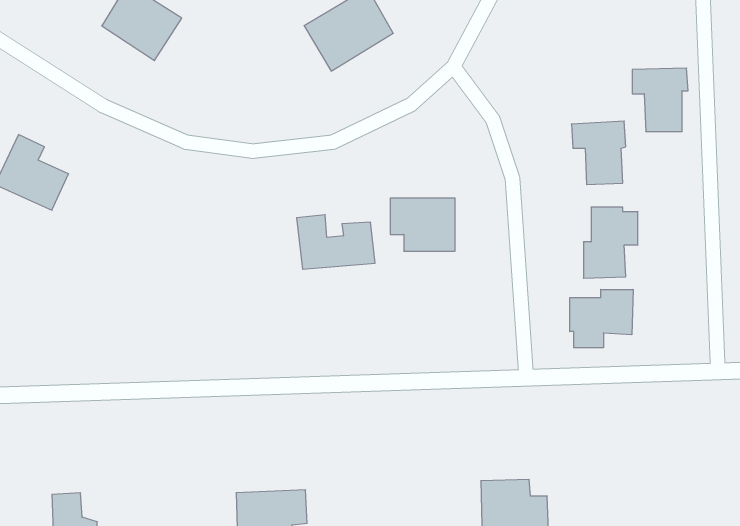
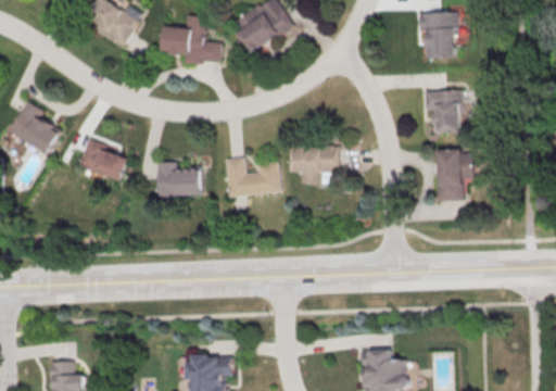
building: none -> [161,15,220,64]
building: [632,68,688,132] -> [418,14,458,60]
building: none -> [79,140,129,179]
building: none -> [157,165,202,195]
building: [570,289,633,348] -> none

